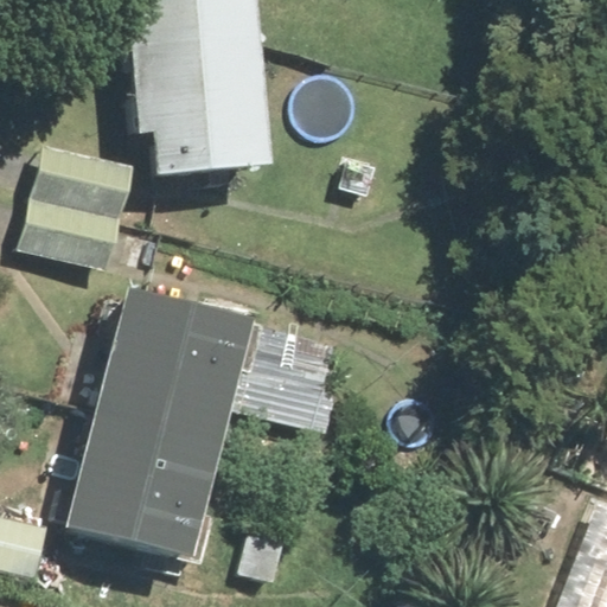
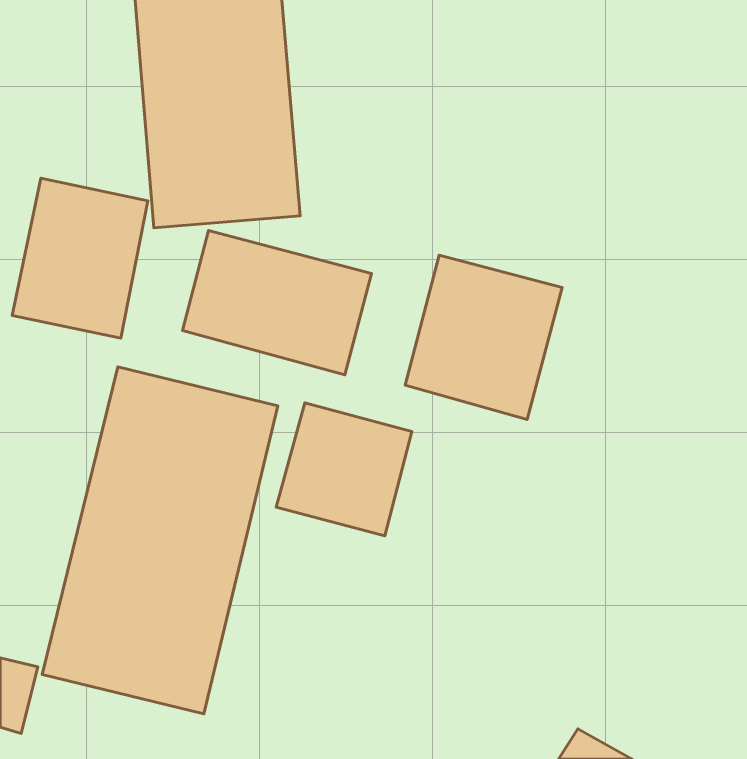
building: none -> [182,231,371,375]
building: none -> [405,255,562,419]

